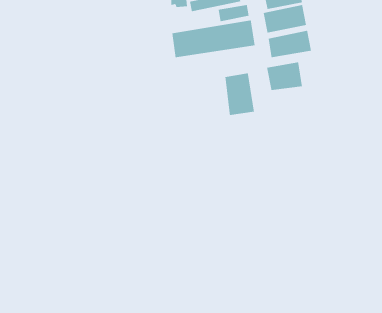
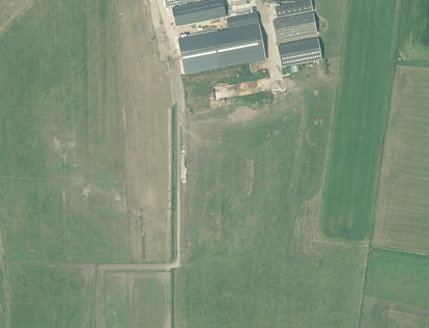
building: [267,61,302,91] -> none
building: [225,73,254,116] -> none

